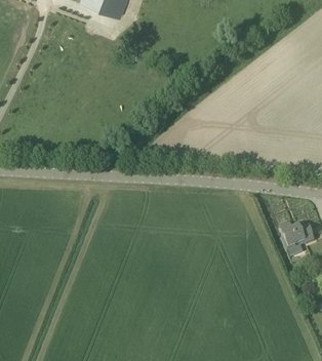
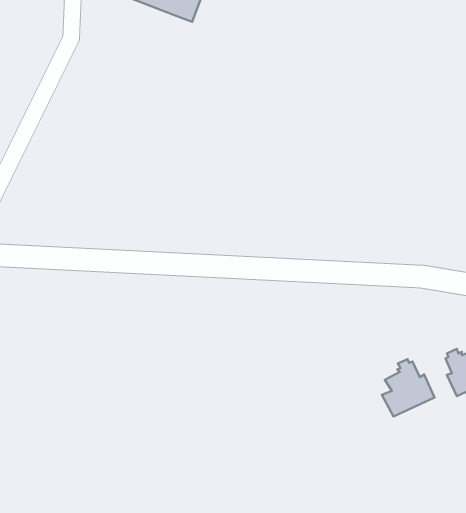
building: none -> [382,359,435,416]

